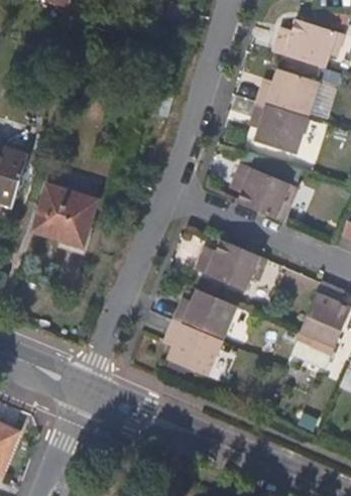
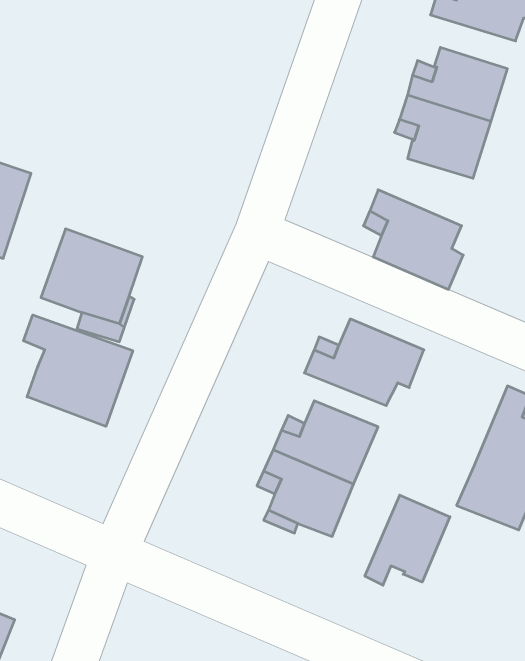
building: none -> [23,315,133,426]
building: none -> [365,495,450,585]

